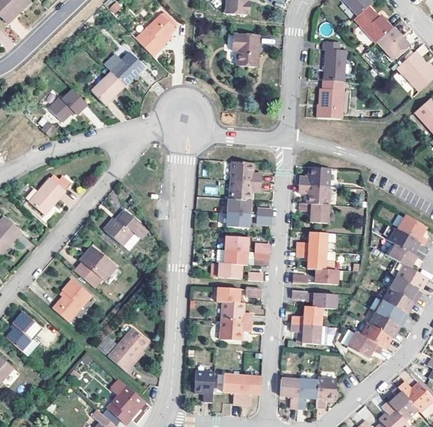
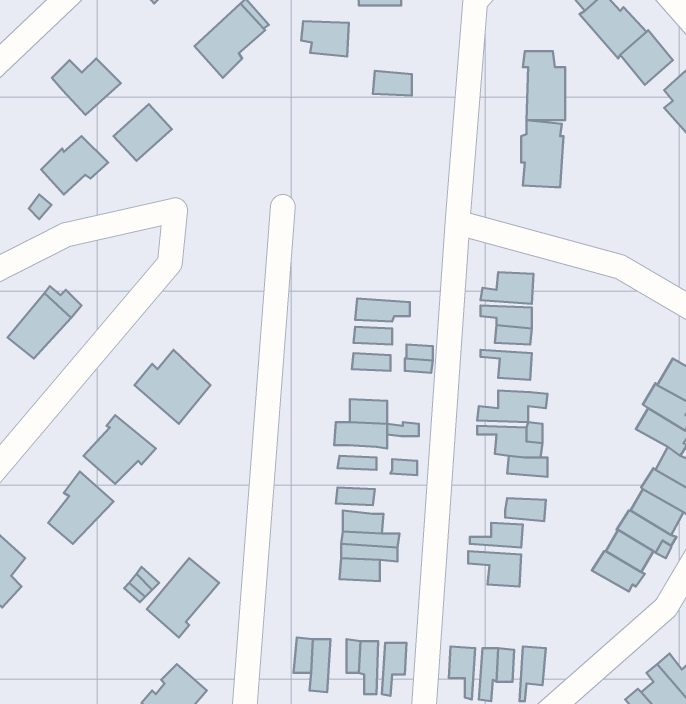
building: [233,33,260,53] -> [301,21,349,57]
building: [104,52,143,84] -> [52,58,121,115]
building: [228,160,259,180] -> none
building: [339,326,382,357] -> none

